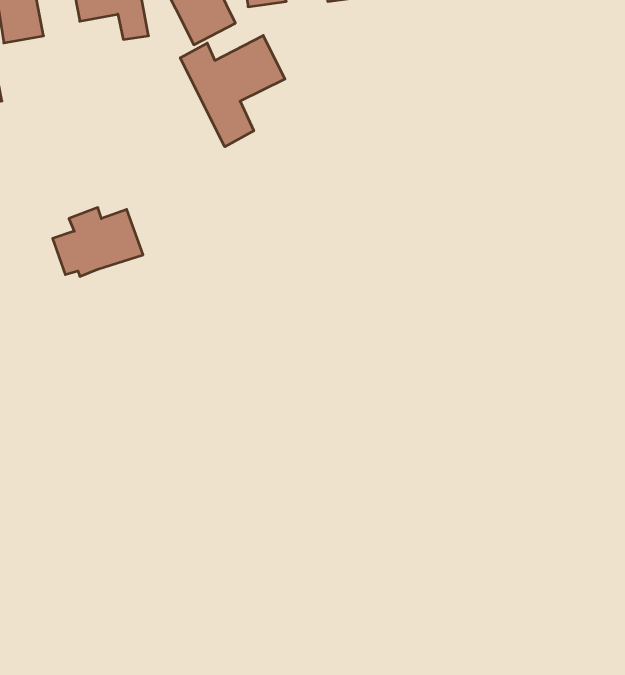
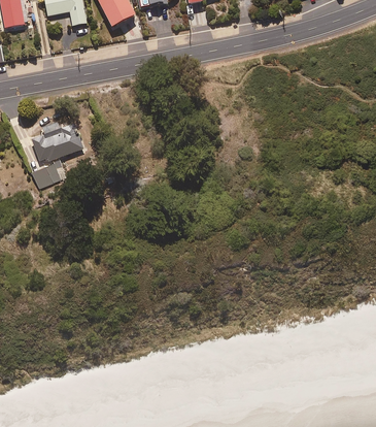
building: [180,35,285,147] -> none
building: none -> [30,157,65,182]

